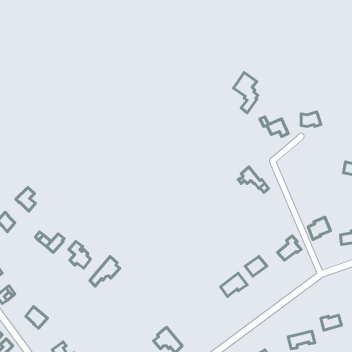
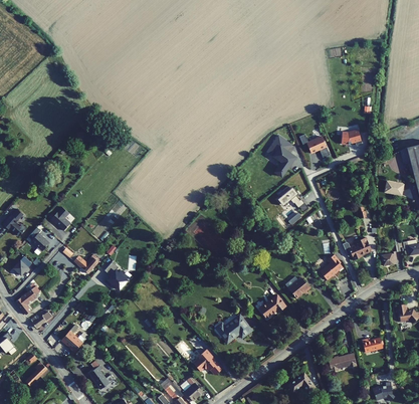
building: [233,72,258,113] -> [267,136,292,177]
building: [90,257,120,286] -> none
building: none -> [216,316,251,343]

